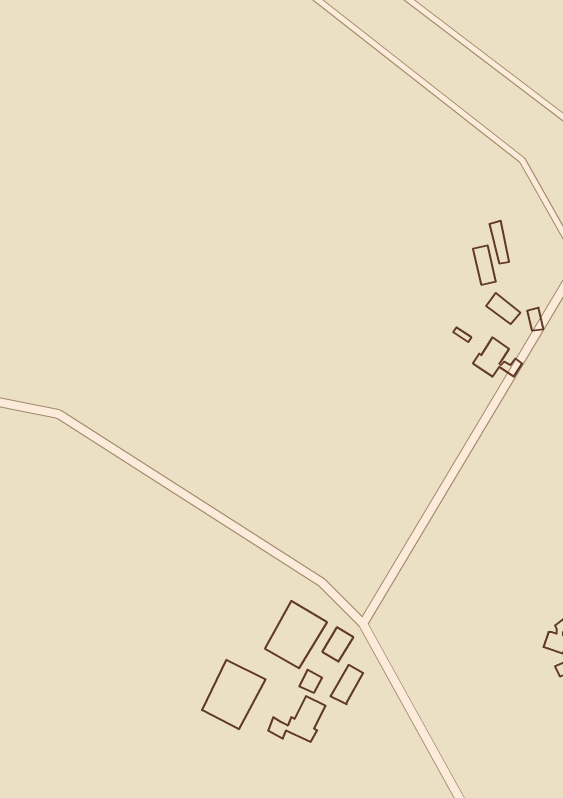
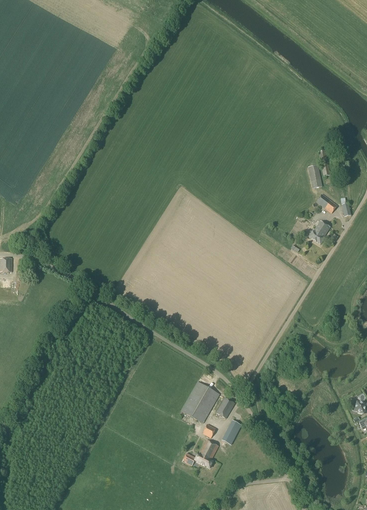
building: [202,660,266,729] -> none

